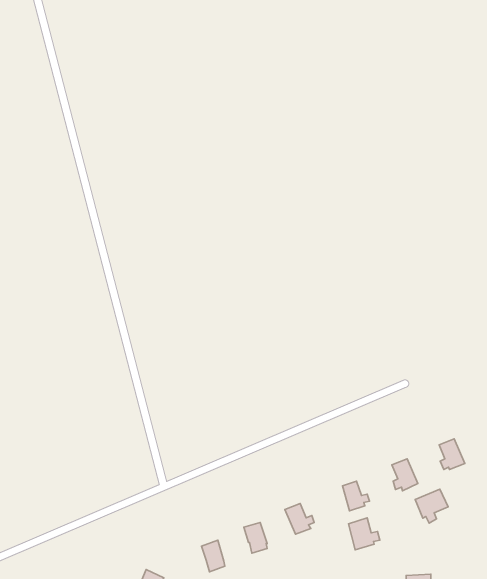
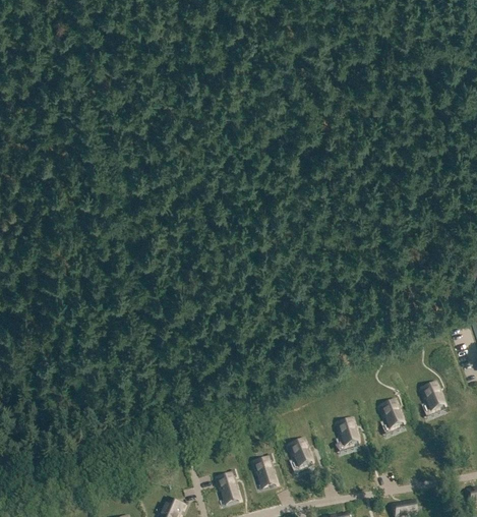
building: [415,489,448,523] -> none
building: [349,518,380,550] -> none

